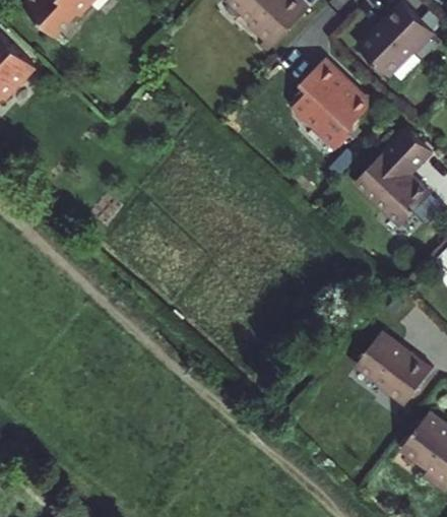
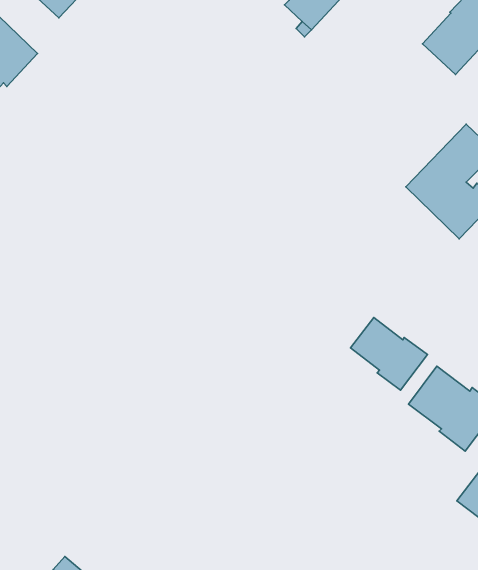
building: [290,56,369,146] -> none
building: none -> [351,318,427,390]

